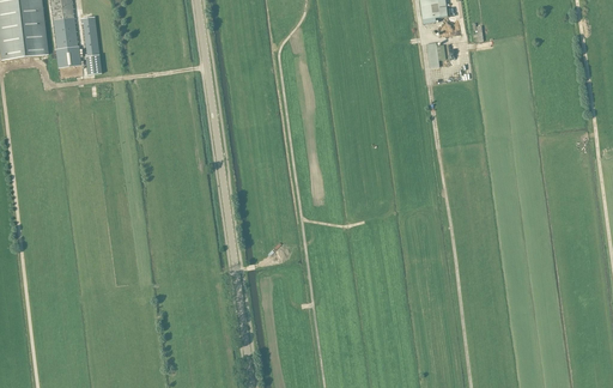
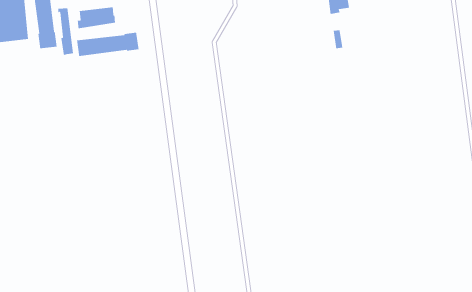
building: none -> [77,6,116,29]
building: none -> [77,32,139,57]

